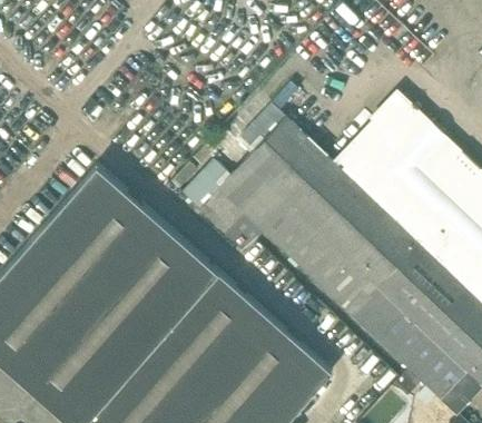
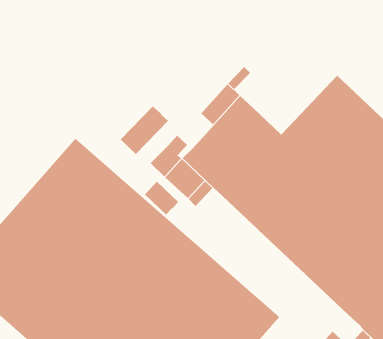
building: none -> [120,105,169,155]
building: none -> [144,181,179,216]

